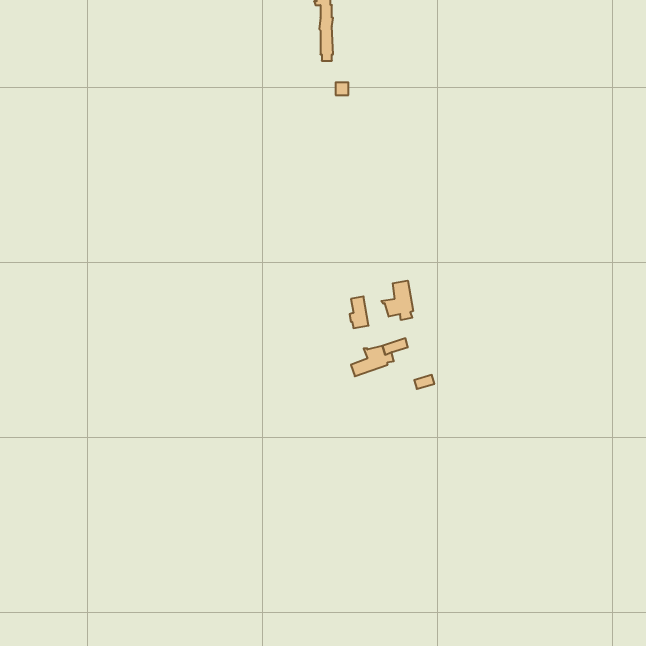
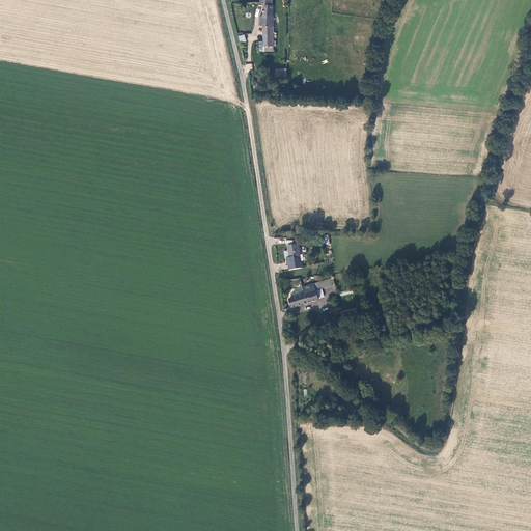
building: [381,281,413,320] -> none

